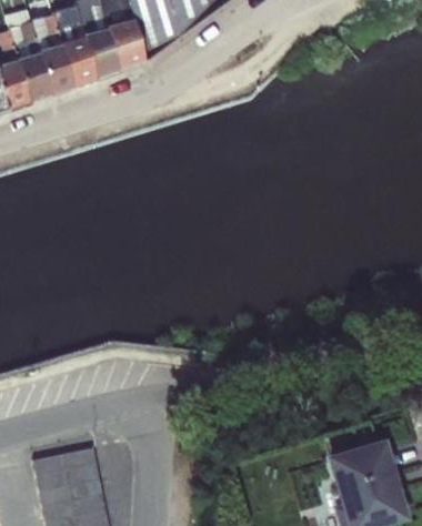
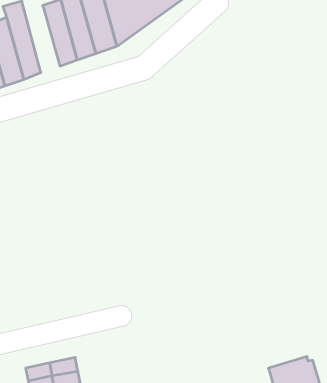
building: [31,12,74,94] -> none

